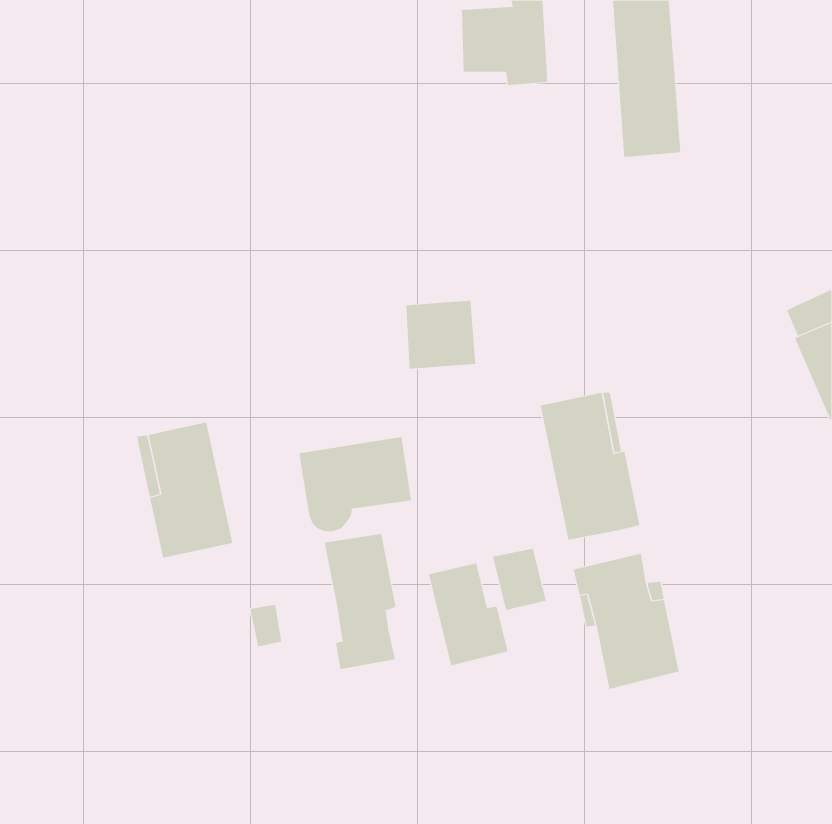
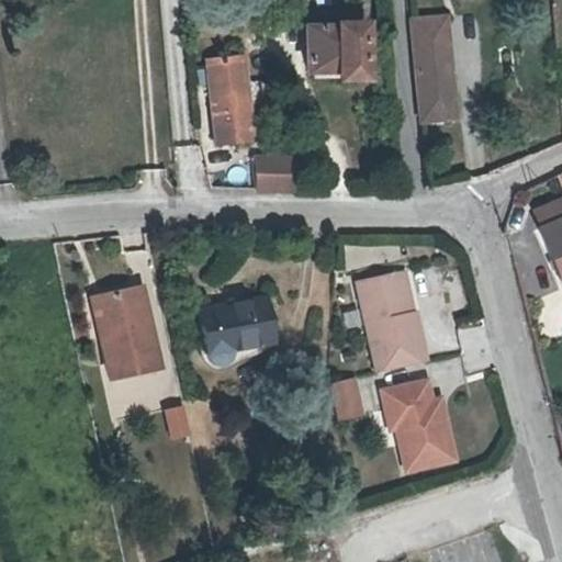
building: none -> [209,50,251,136]
building: [405,300,476,369] -> [256,148,303,194]
building: [324,533,396,670] -> none
building: [428,562,508,666] -> none

